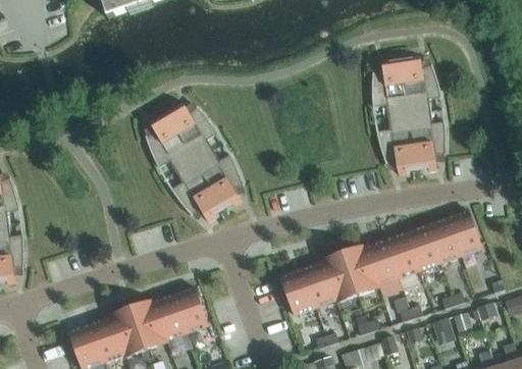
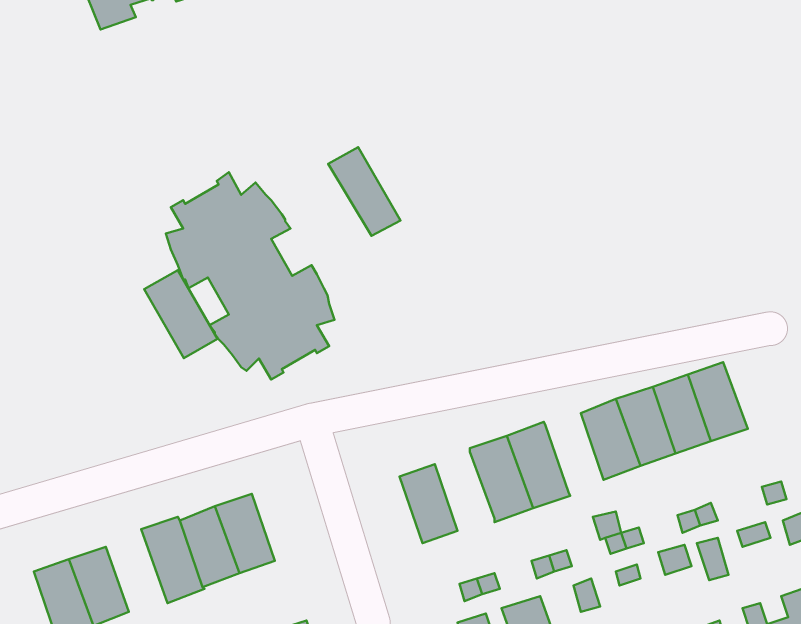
building: [371,54,446,175] -> none
building: none -> [328,147,400,236]
building: none -> [144,270,218,358]
building: [365,241,399,286] -> none
building: [301,263,335,309] -> none
building: [109,308,146,358] -> none

